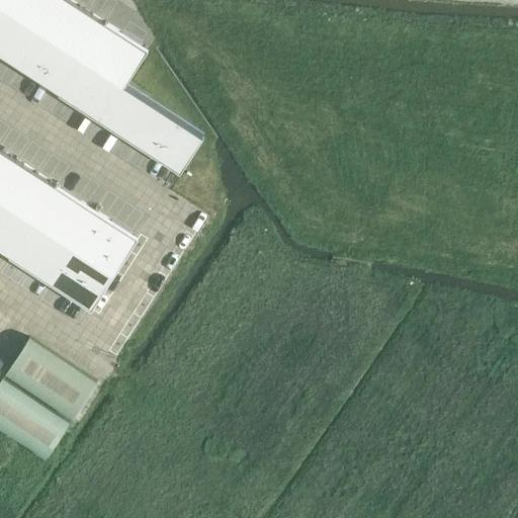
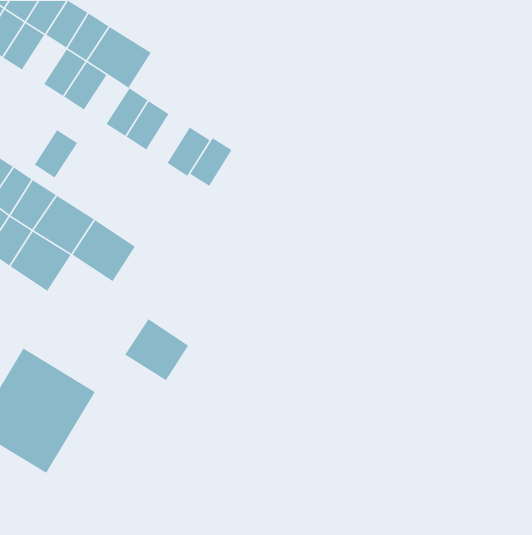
building: [21,36,64,84] -> none
building: [81,75,123,122] -> [34,129,78,179]
building: [141,112,182,160] -> [189,137,233,187]
building: [46,248,108,309] -> [124,318,189,381]

